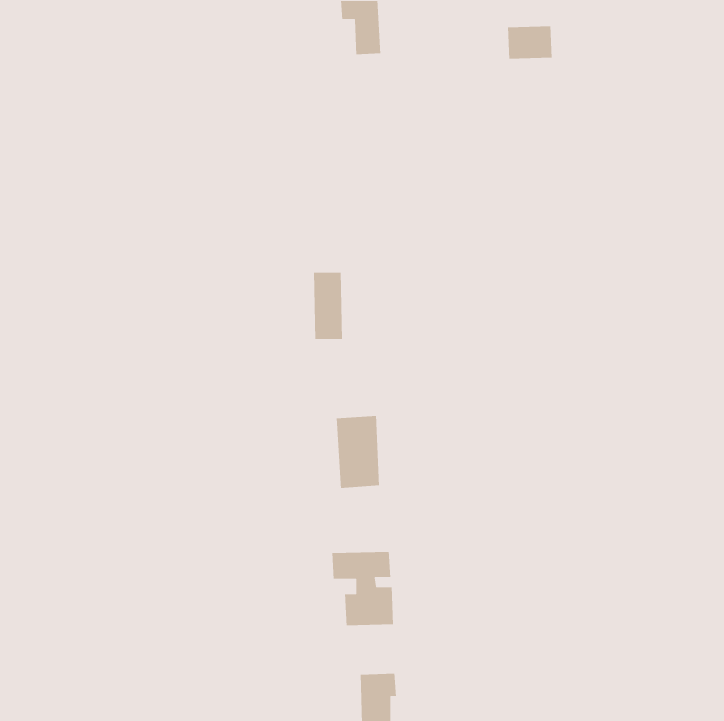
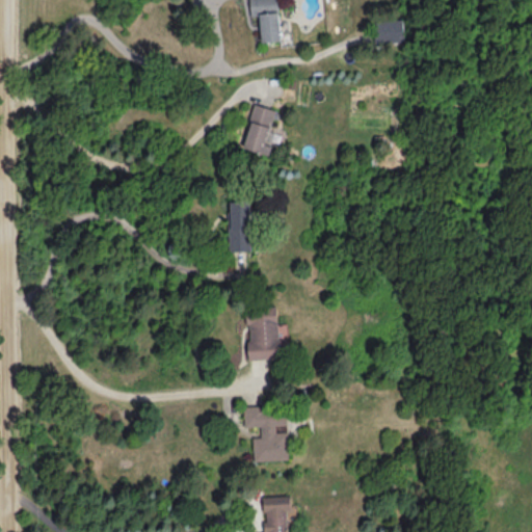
building: none -> [242,105,284,156]

